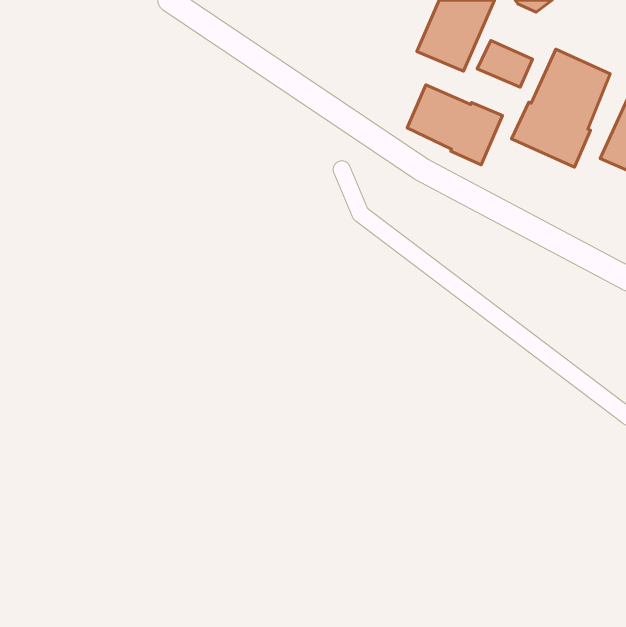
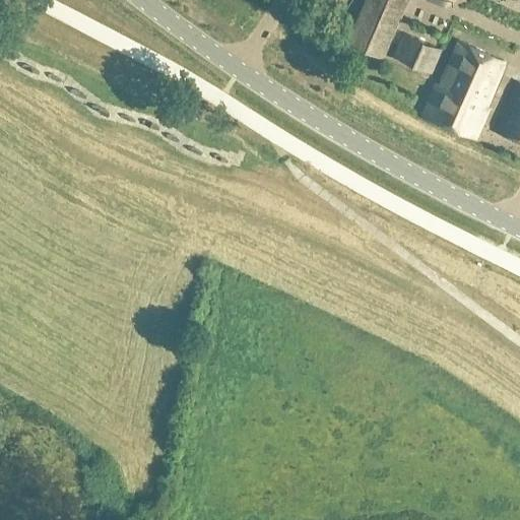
building: [407,85,503,165] -> none

